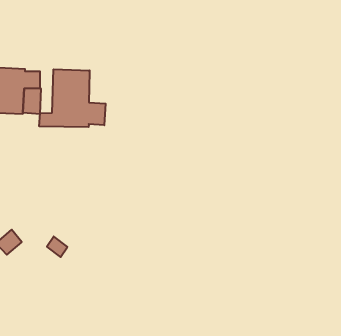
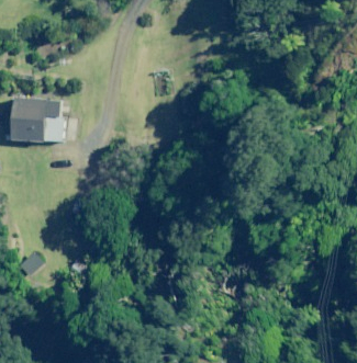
building: [39,69,106,127] -> none

